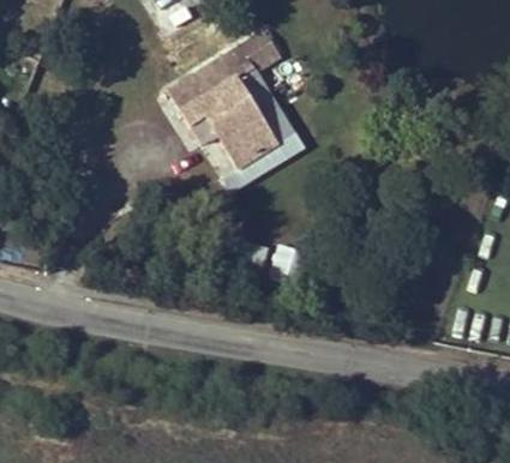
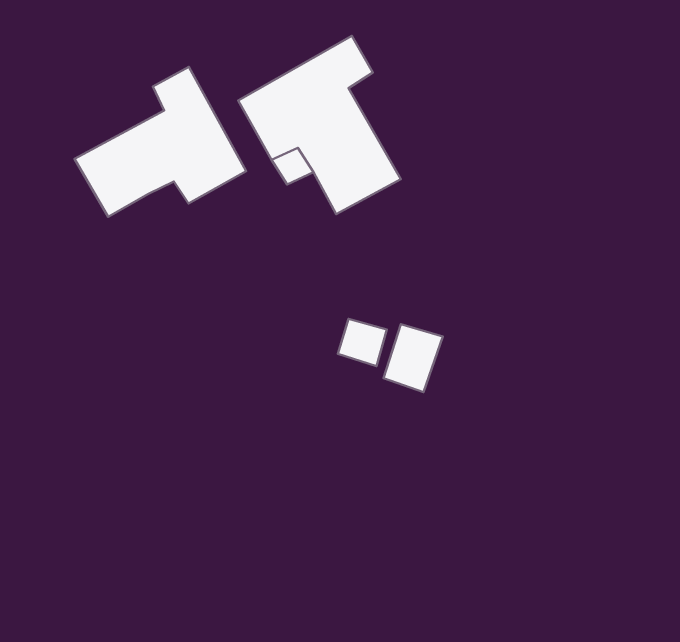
building: none -> [75,67,246,217]

